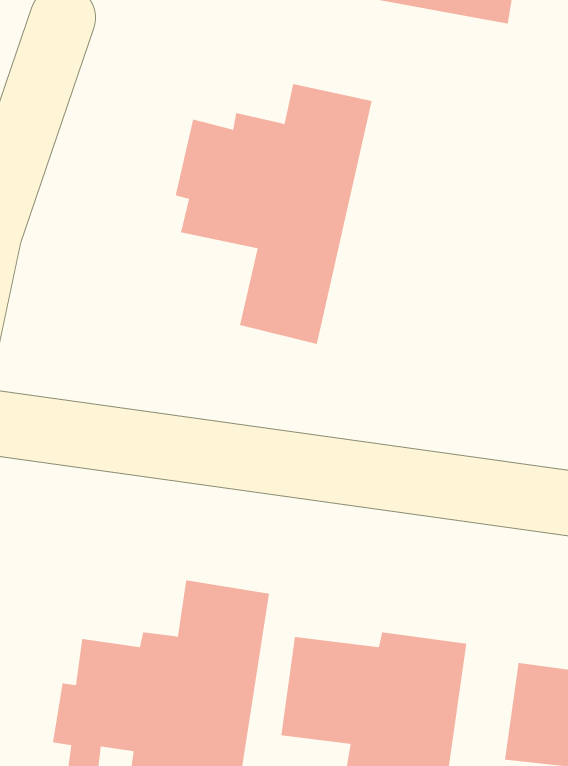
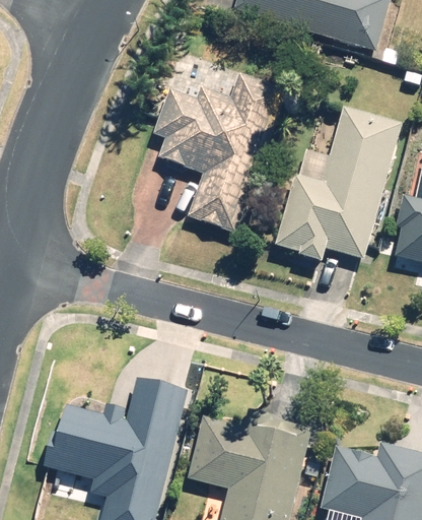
building: none -> [274,106,401,262]

